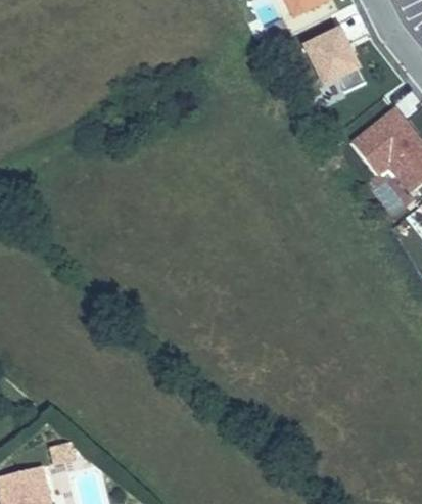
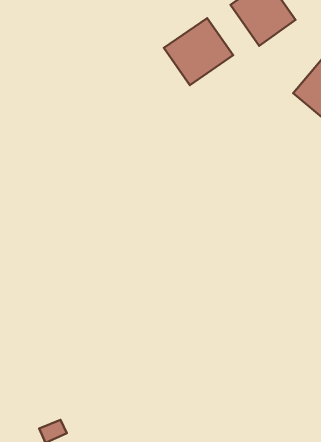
building: none -> [164,18,233,85]

